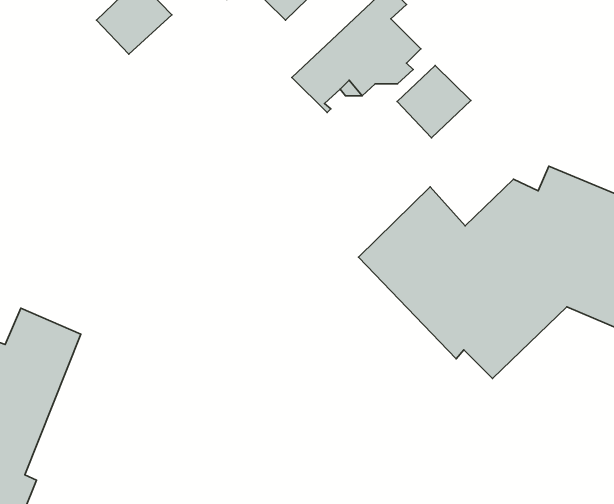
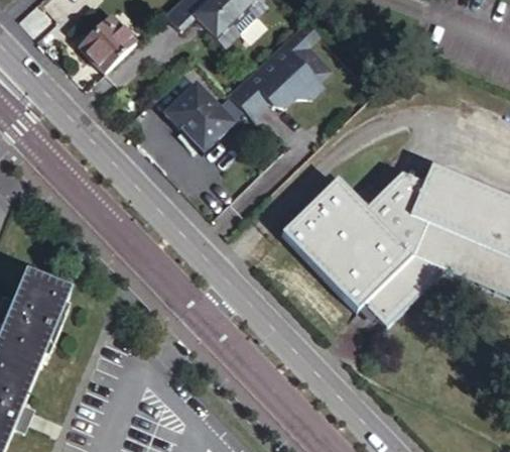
building: none -> [165,81,239,154]
building: [397,65,471,138] -> none

